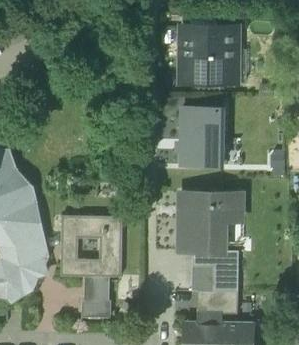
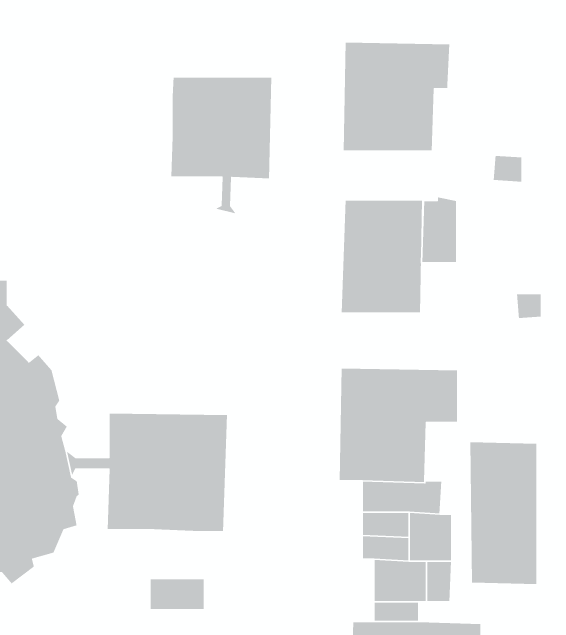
building: none -> [170,77,272,215]
building: [228,48,246,82] -> [422,197,457,263]
building: none -> [469,441,537,585]
building: [85,276,109,301] -> none

